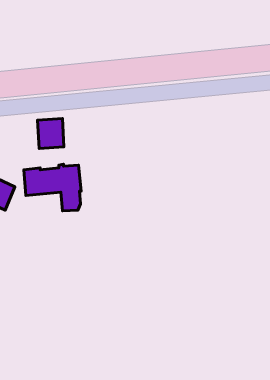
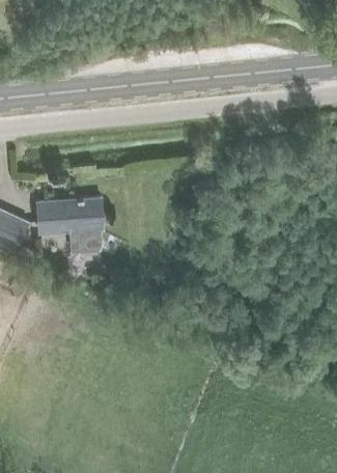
building: [38,118,64,149] -> none

